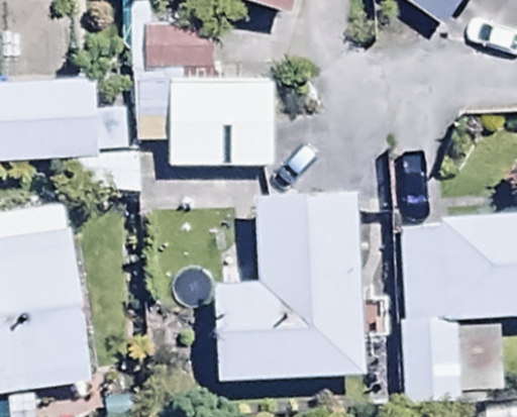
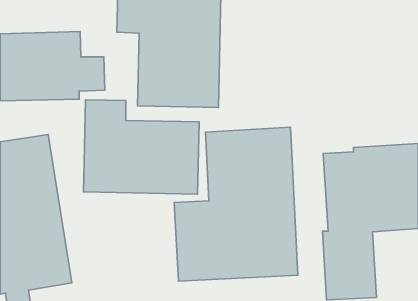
building: none -> [84,100,199,194]

